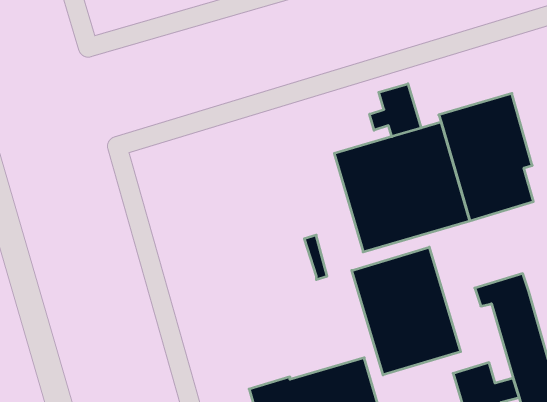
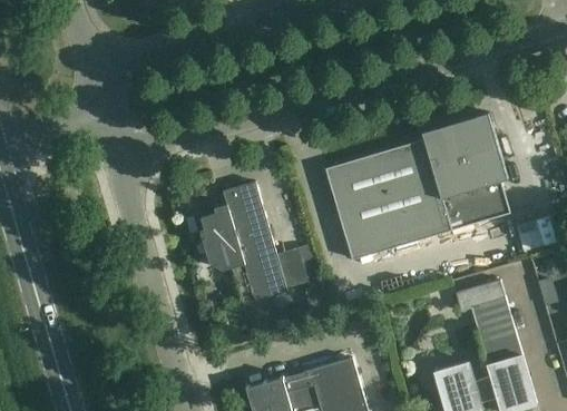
building: [370,84,421,137] -> none
building: none -> [199,182,286,304]
building: [352,247,461,375] -> none

